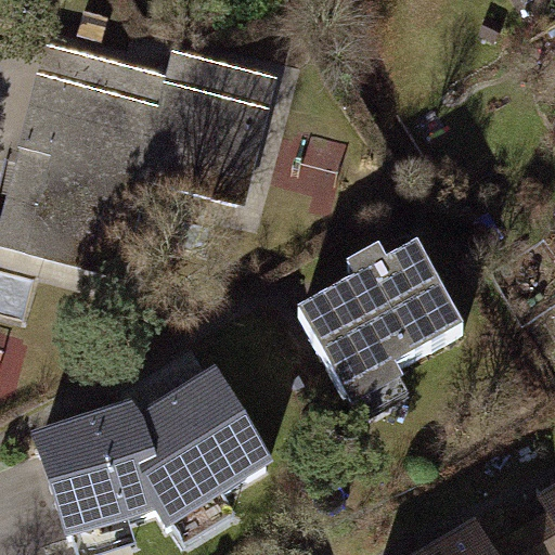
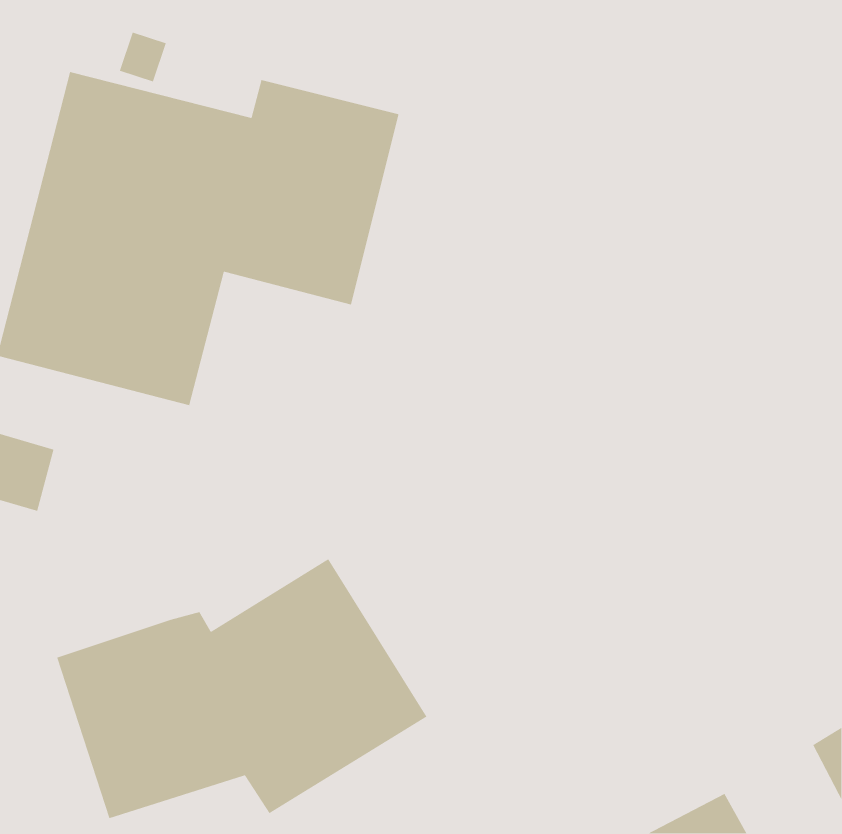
building: [285,238,463,415] -> none

